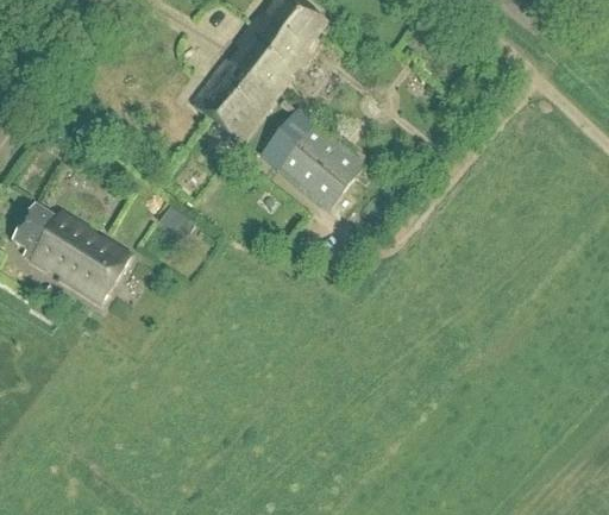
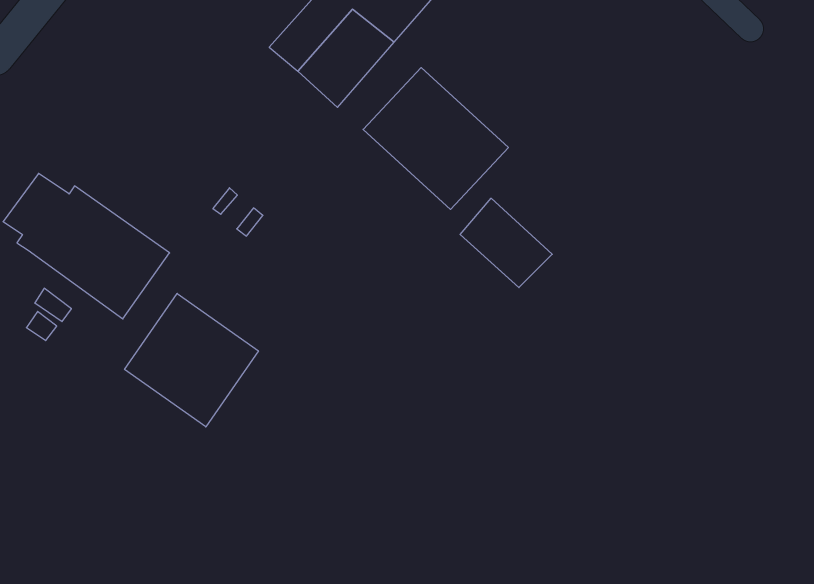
building: none -> [460,198,552,288]
building: none -> [125,293,258,427]

